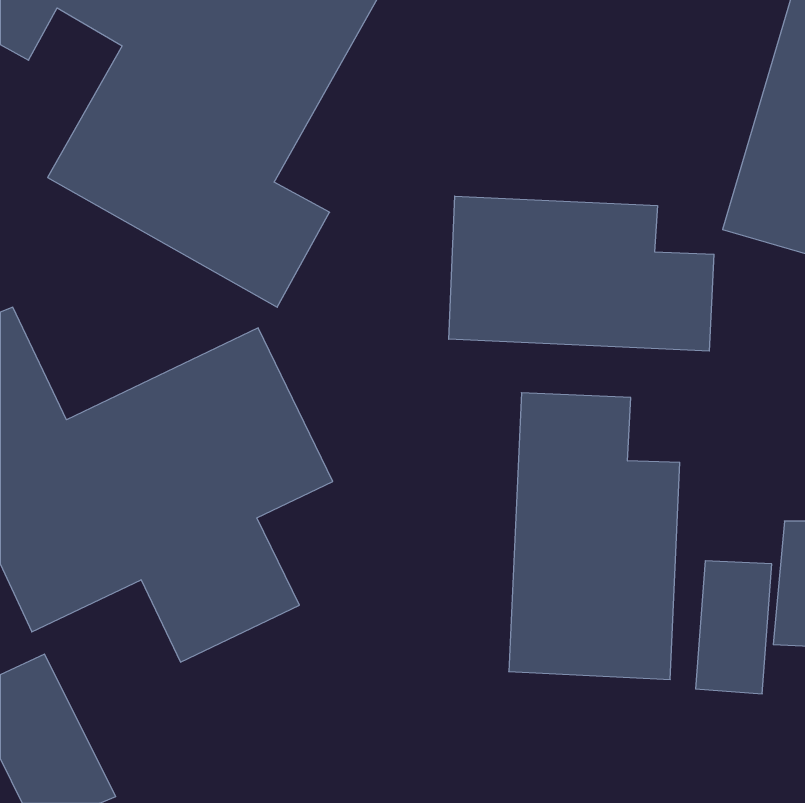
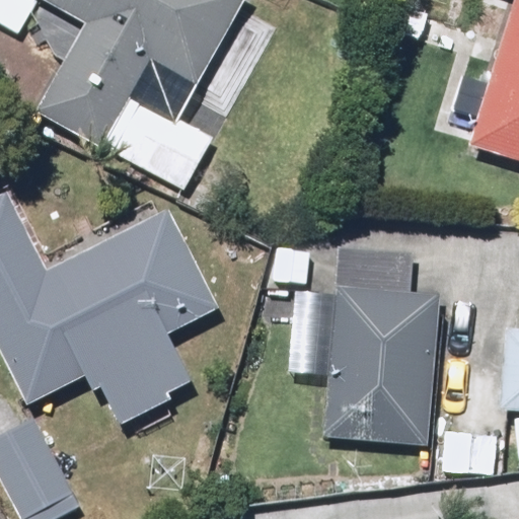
building: [449,196,714,351] -> none

